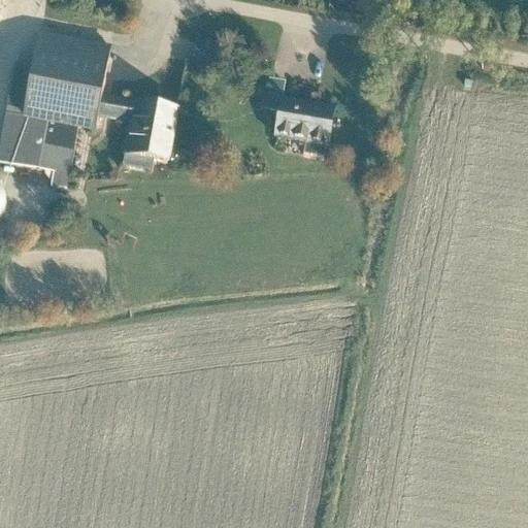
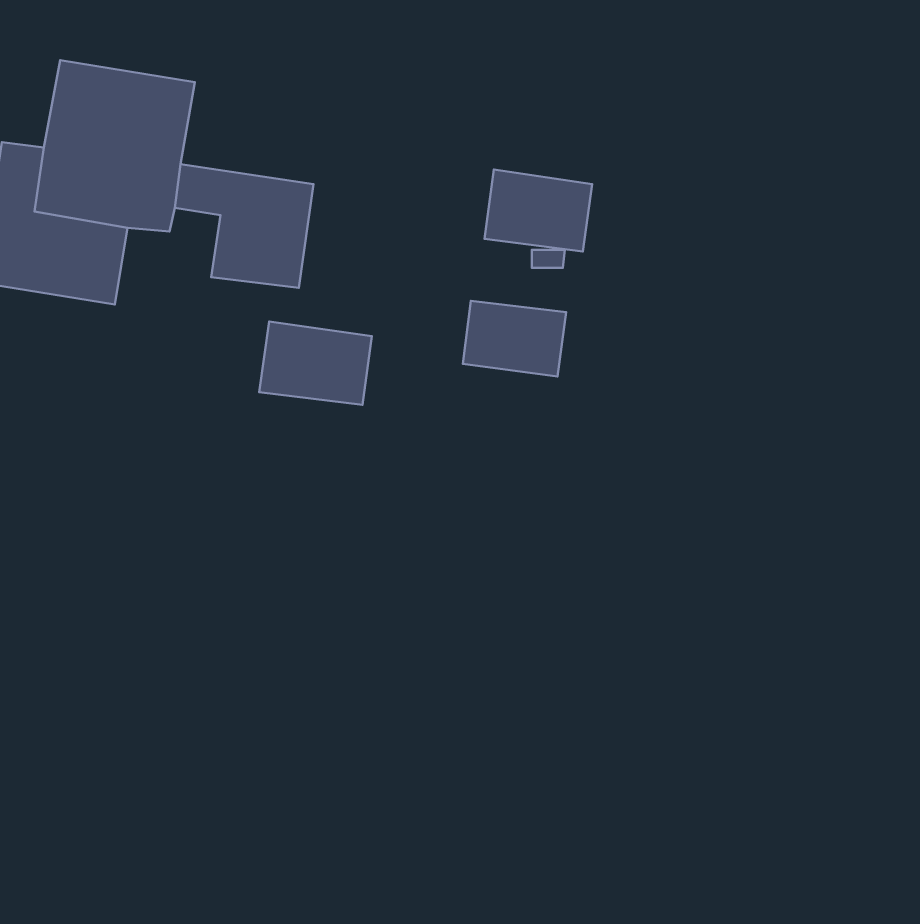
building: none -> [463,301,566,376]
building: none -> [259,321,372,405]

